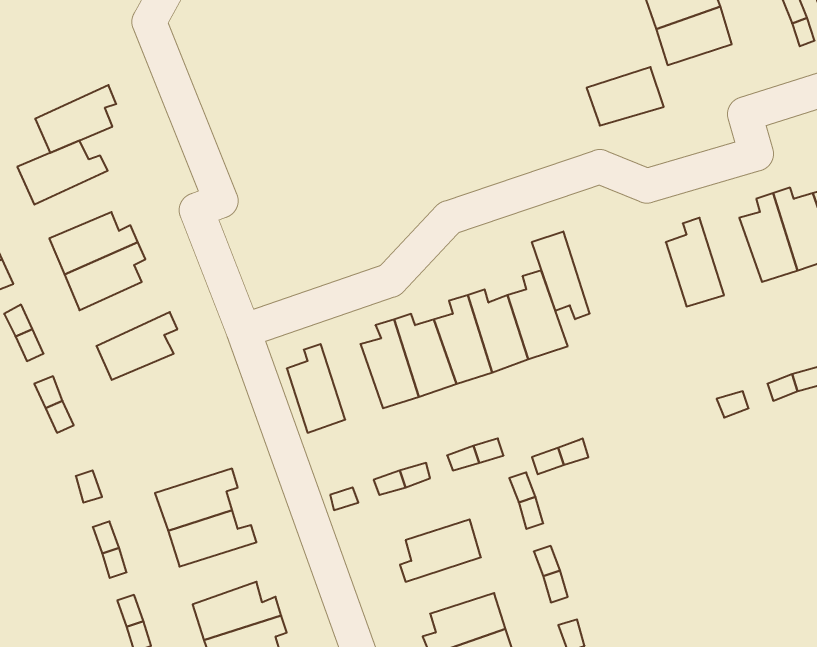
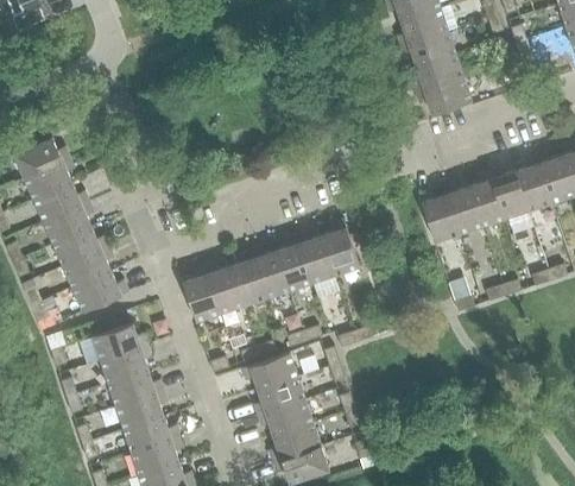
building: [587,67,664,126] -> [422,77,470,114]
building: [35,85,116,153] -> [23,157,74,200]
building: none -> [442,183,481,235]
building: [532,231,590,319] -> none
building: none -> [51,227,108,267]
building: none -> [203,263,242,314]
building: none -> [71,272,128,313]
building: none -> [91,323,147,360]
building: none -> [240,353,297,390]
building: none -> [114,391,166,430]
building: none -> [257,400,312,436]

